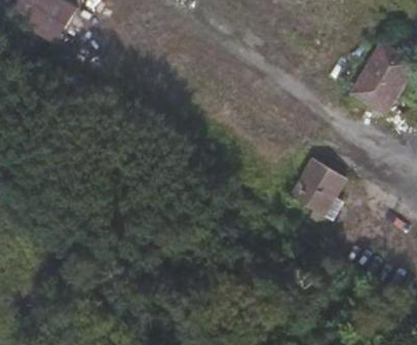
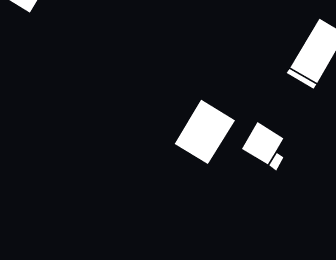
building: none -> [173,98,236,165]

